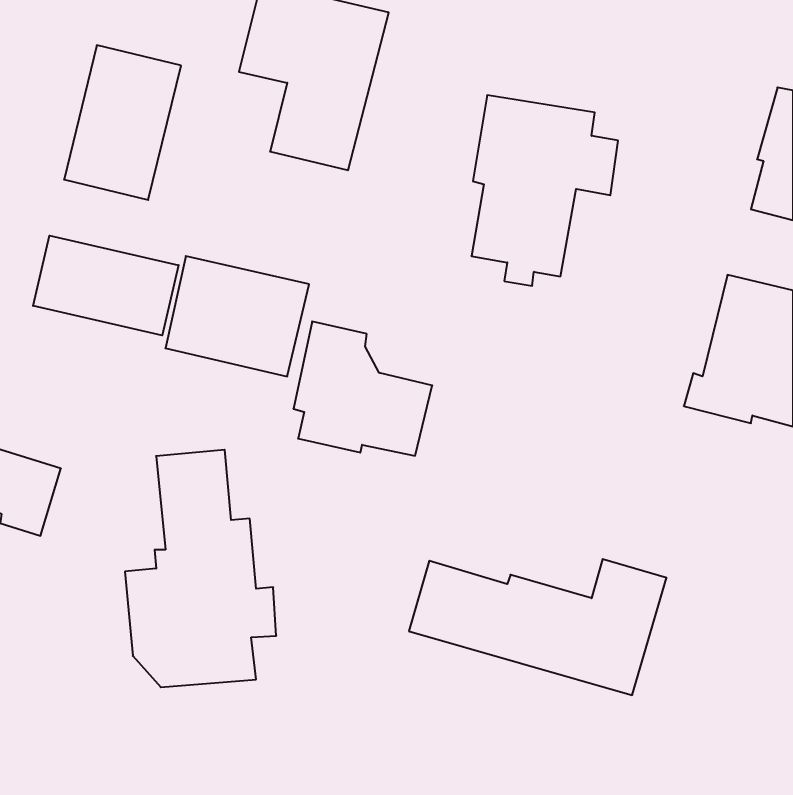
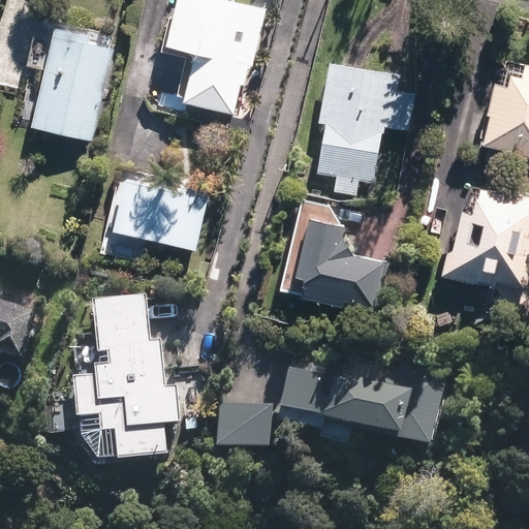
building: [33,236,179,335] -> none
building: [293,321,432,456] -> [290,219,382,308]
building: none -> [212,407,264,455]

